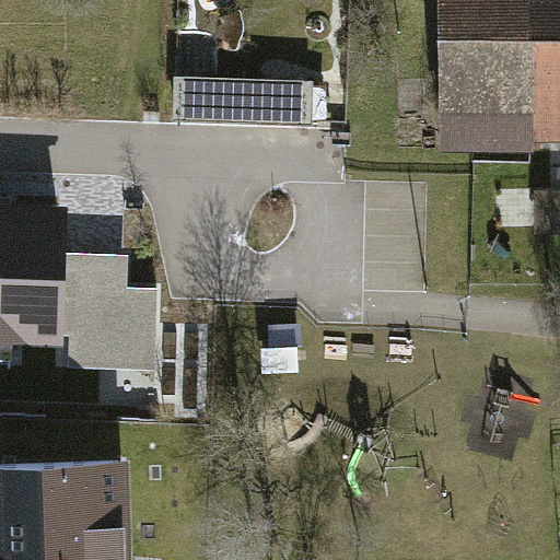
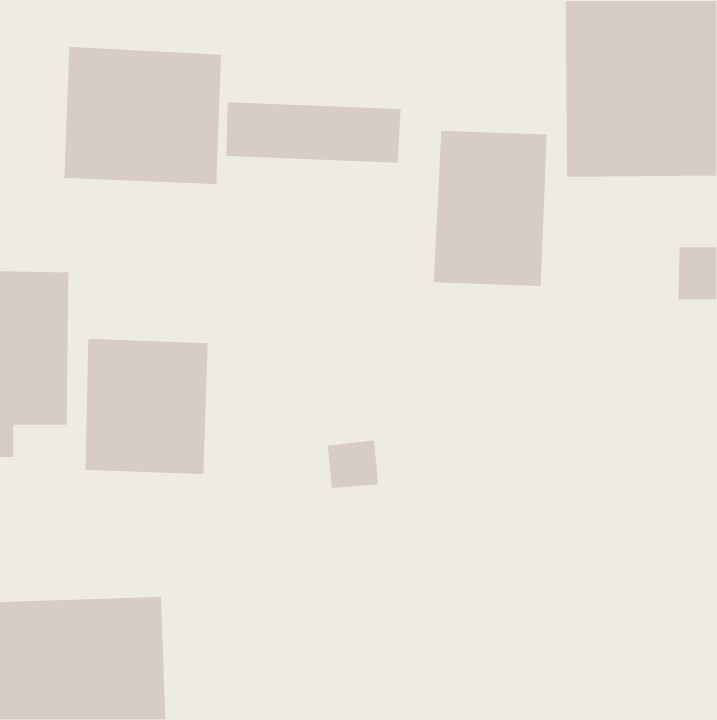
building: none -> [64,46,222,185]
building: none -> [433,130,548,287]

